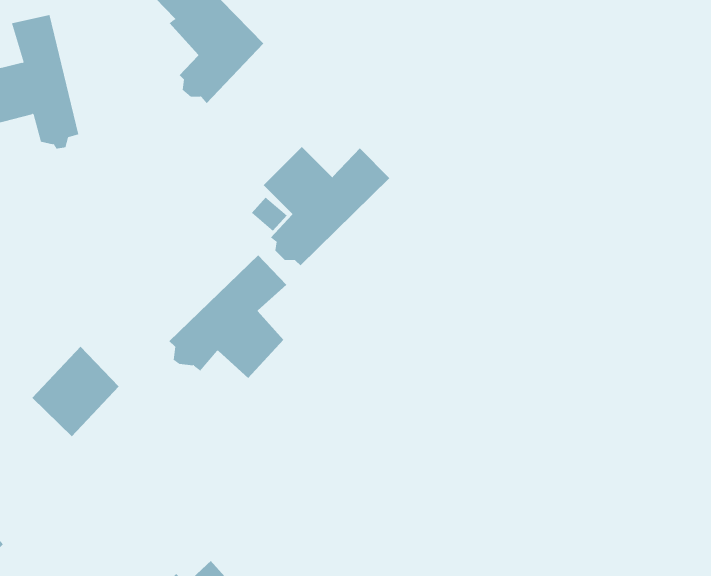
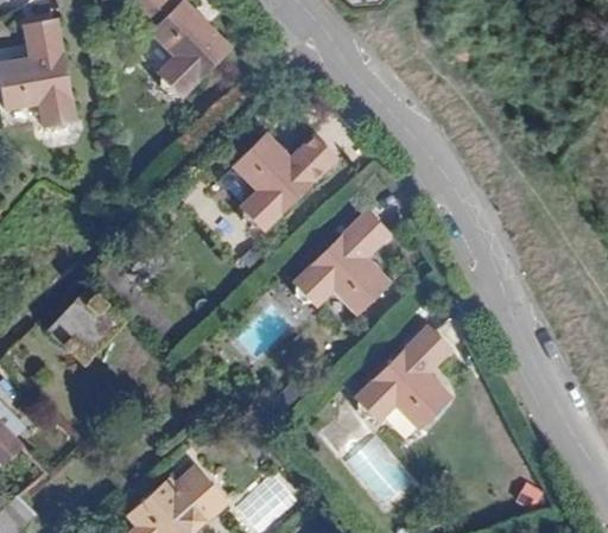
building: [169,254,287,379] -> [287,216,385,318]
building: none -> [349,326,446,430]

